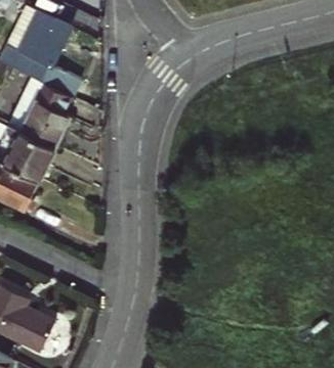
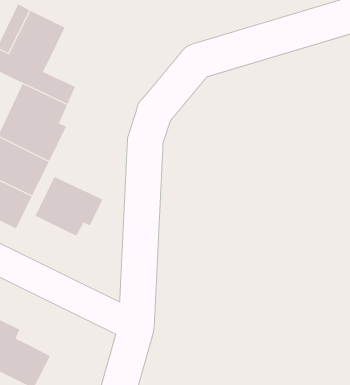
building: none -> [35,176,103,237]

